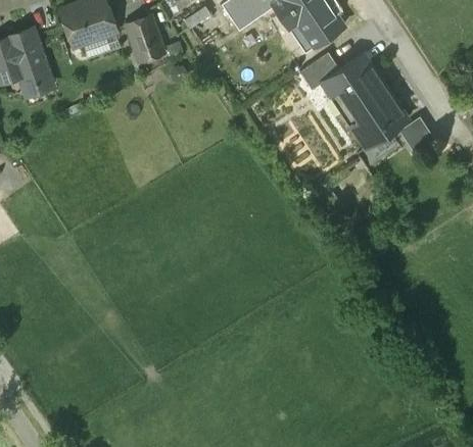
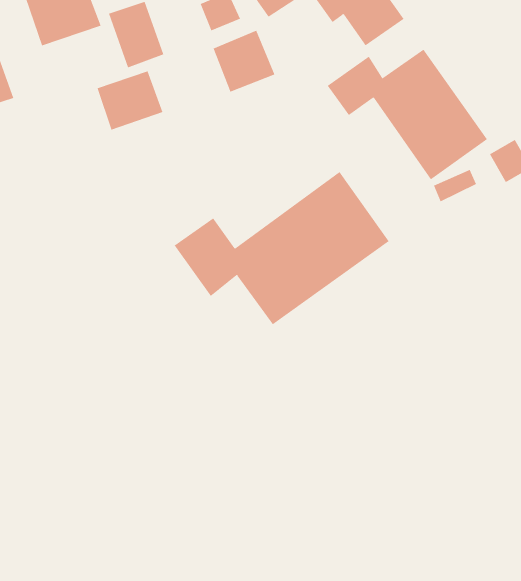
building: none -> [213,30,275,92]
building: none -> [97,71,163,131]
building: none -> [174,171,390,325]

